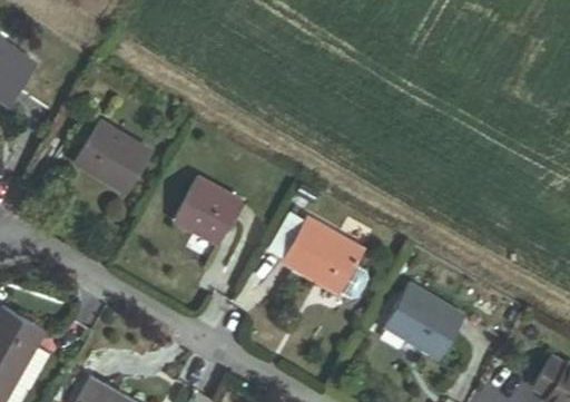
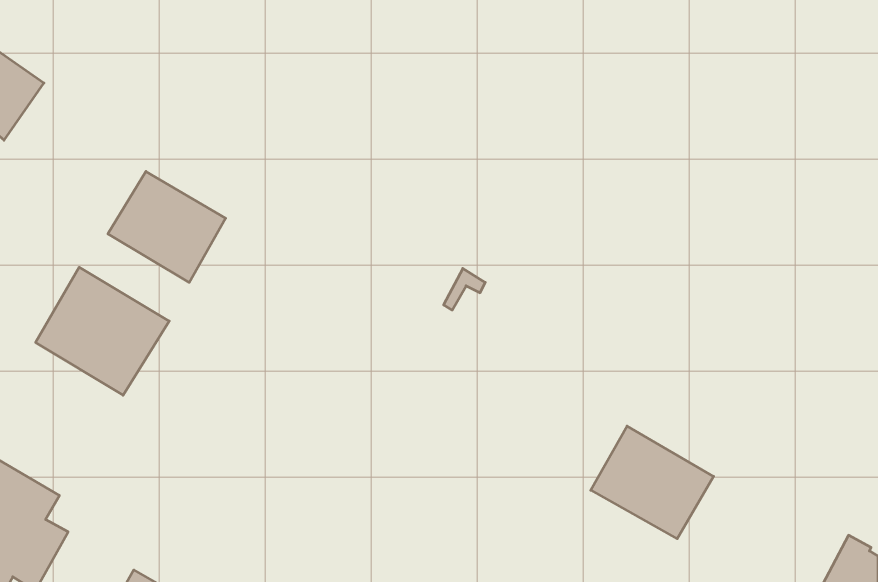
building: [175,177,239,242] -> none
building: none -> [36,267,169,395]
building: [281,216,365,298] -> none

